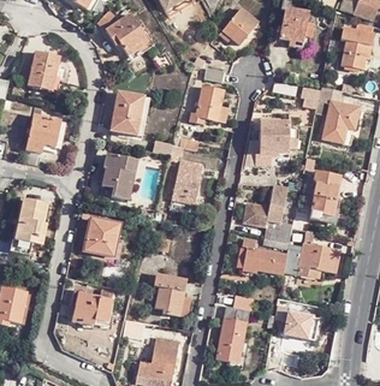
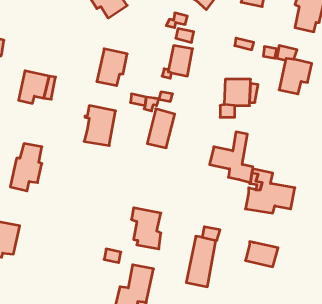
building: [25,52,59,91] -> none
building: [309,171,340,224] -> none
building: [83,218,119,257] -> none
building: [236,239,286,275] -> none
building: [71,289,112,326] -> none

